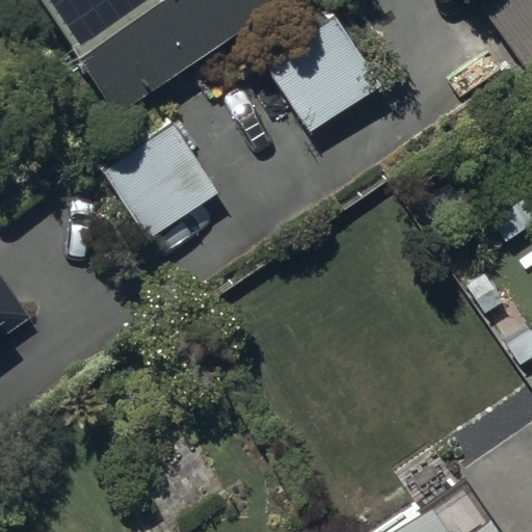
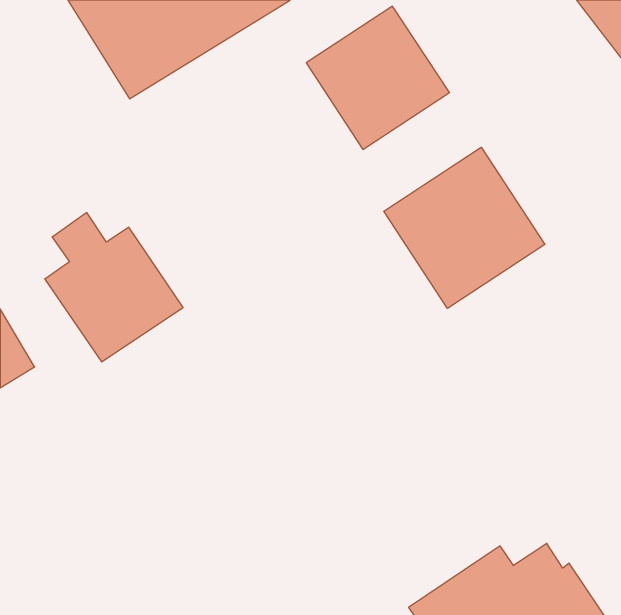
building: [104,117,220,243] -> [45,212,183,362]
building: none -> [384,147,545,308]

